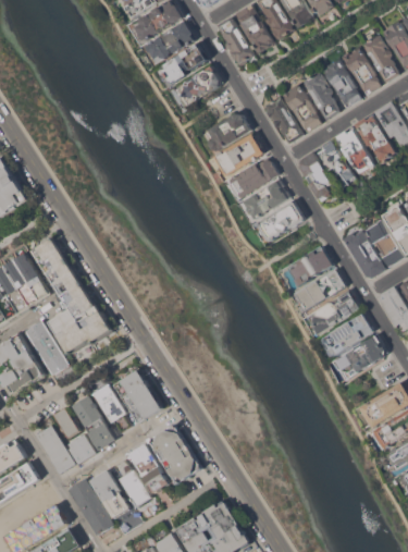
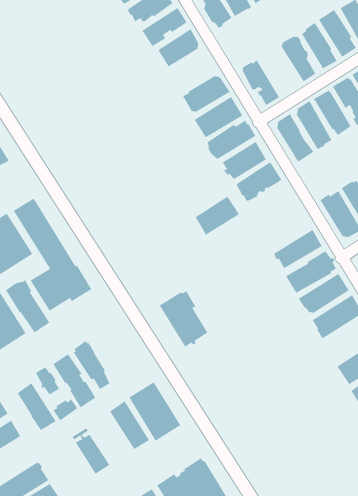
building: [282,83,320,132] -> none
building: [287,246,333,286] -> [195,196,240,235]
building: [112,366,162,424] -> [159,291,208,347]
building: [112,459,150,507] -> none
building: [67,478,113,535] -> none

